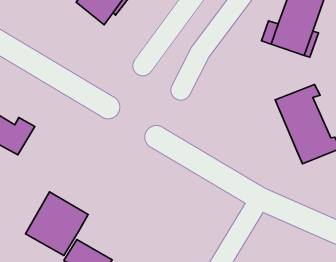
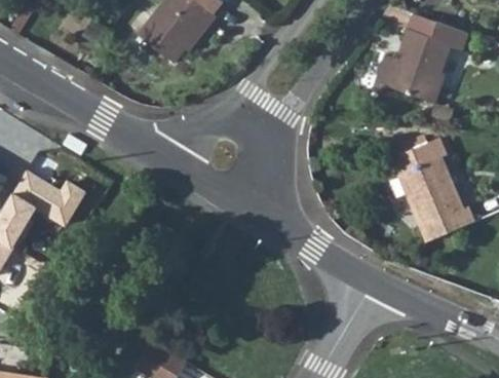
building: [25,192,88,255] -> none

